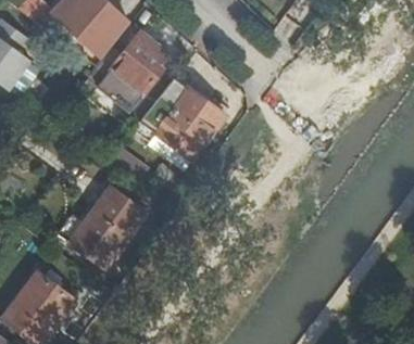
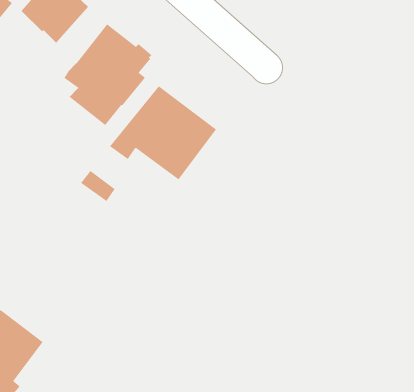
building: [85,10,128,58] -> none
building: [59,186,145,267] -> none

